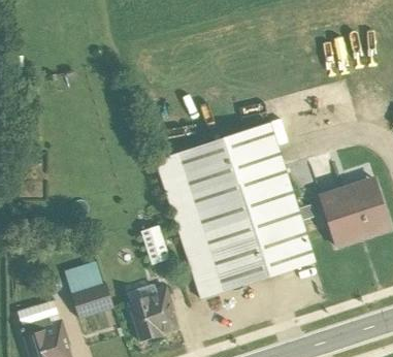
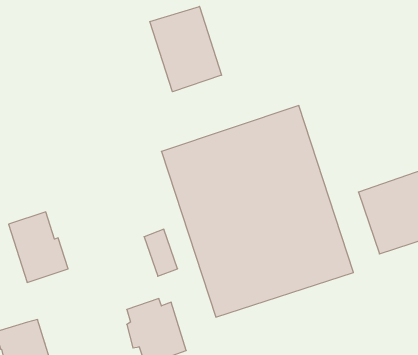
building: none -> [150,6,222,92]
building: [64,261,113,320] -> [9,212,68,282]

